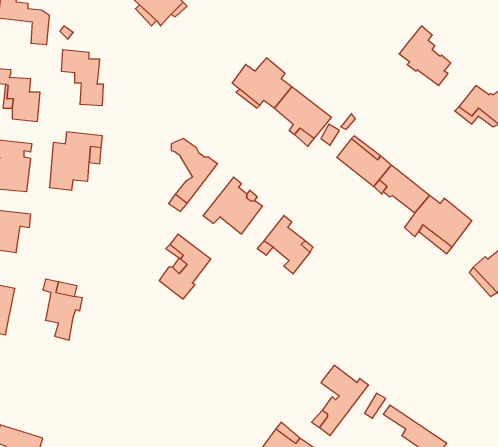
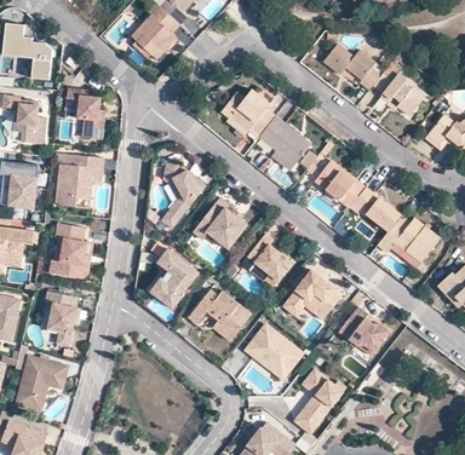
building: none -> [323,42,381,88]
building: none -> [53,223,91,278]
building: none -> [286,270,341,321]
building: none -> [188,290,251,341]
building: none -> [338,306,389,351]
building: none -> [246,326,302,379]
building: none -> [18,355,67,409]

